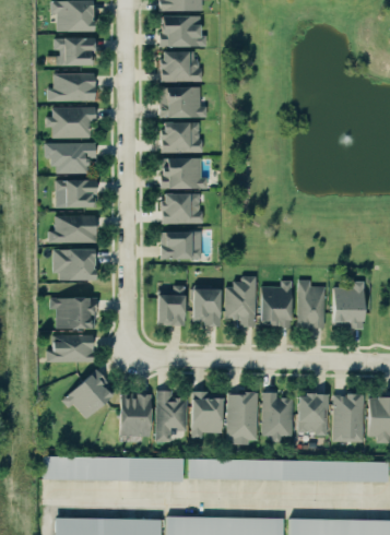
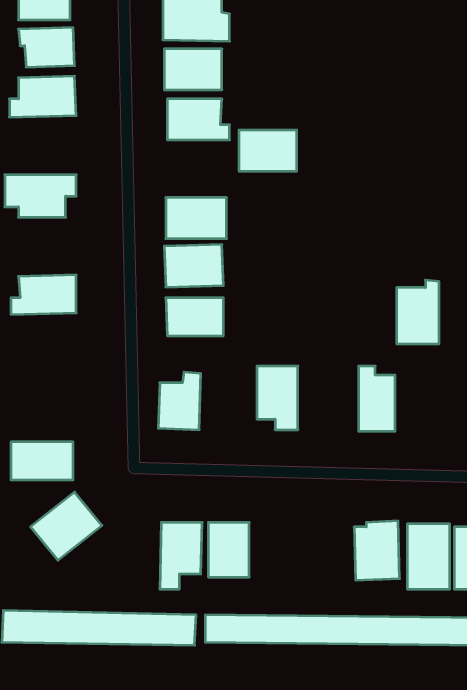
building: [47,106,94,138] -> none
building: [159,123,201,153] -> [239,130,297,171]
building: [57,179,96,207] -> none
building: [55,249,93,281] -> none
building: [260,282,291,326] -> none
building: [332,282,363,328] -> [397,280,439,344]
building: [191,288,220,328] -> none
building: [50,299,96,330] -> none
building: [262,392,294,437] -> none
building: [227,393,258,440] -> none
building: [120,394,150,437] -> none

